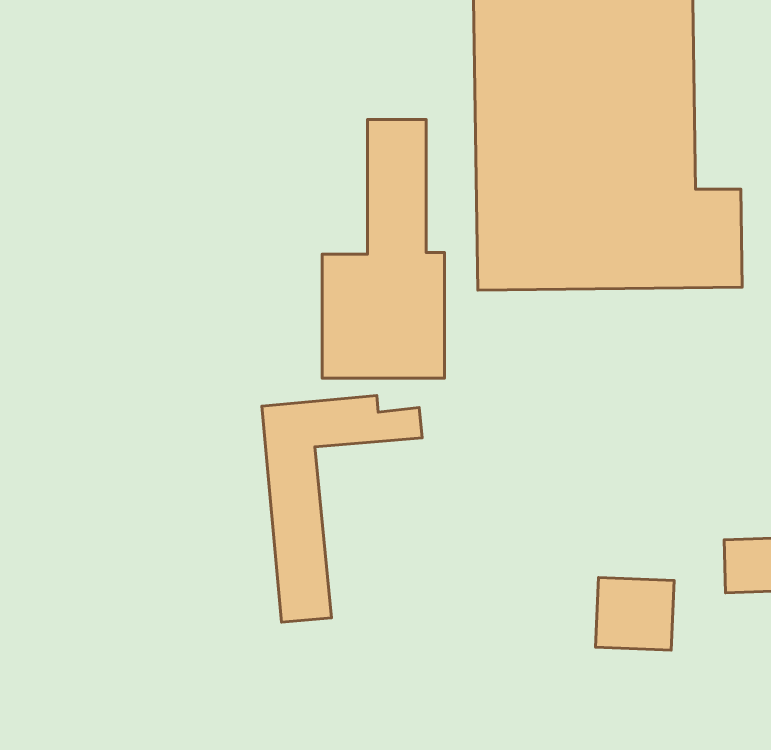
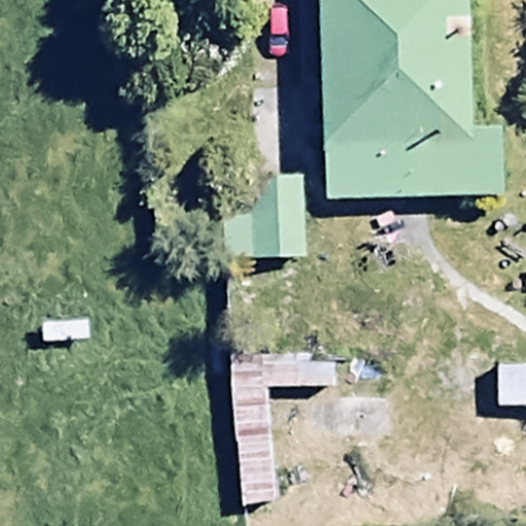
building: [262,395,422,622] -> [229,351,338,505]

